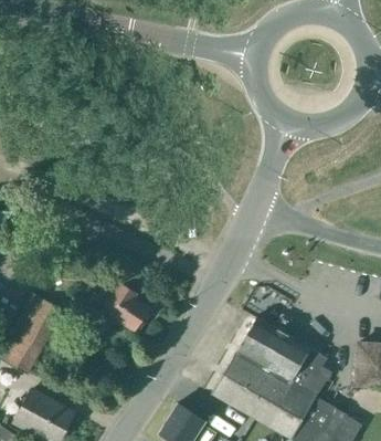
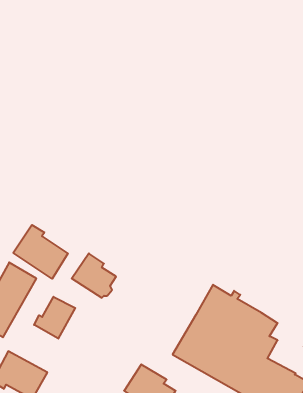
building: none -> [13,225,68,279]
building: none -> [34,297,75,339]

